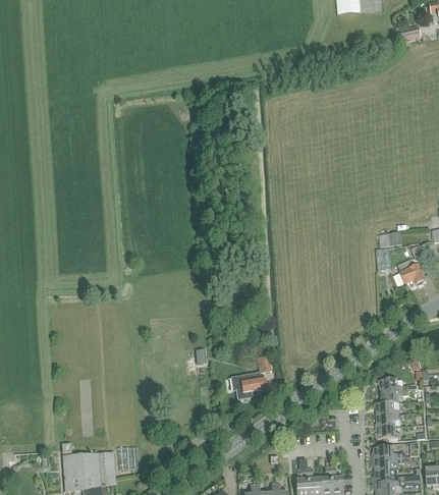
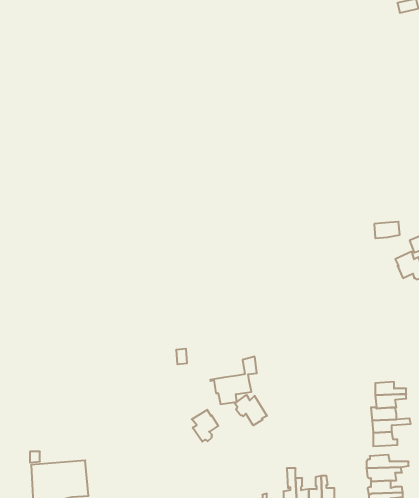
building: none -> [235,395,267,425]
building: none -> [192,410,218,442]
building: [117,447,138,470] -> none

